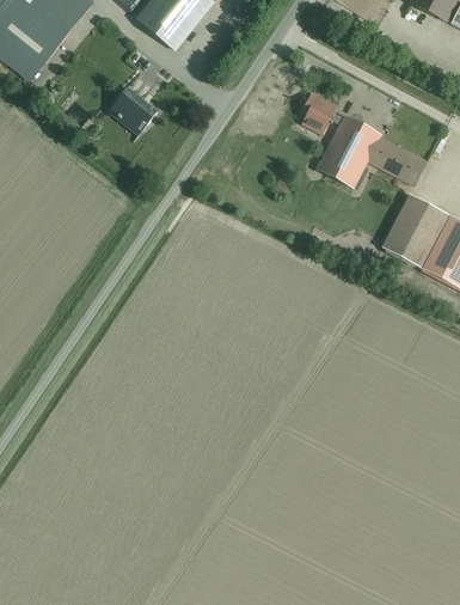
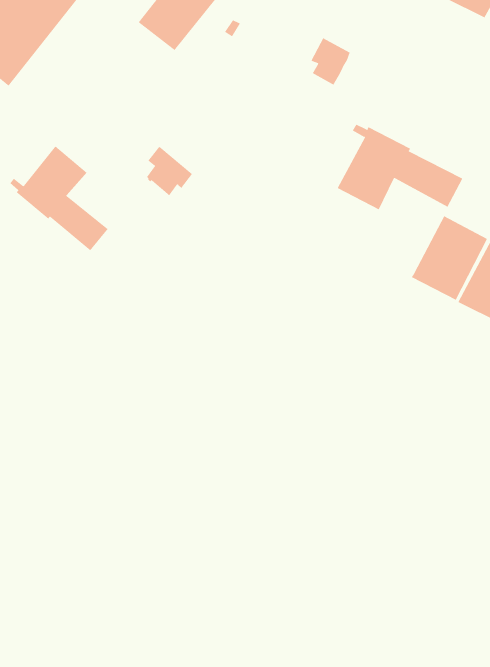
building: [115,87,155,141] -> [146,147,193,208]
building: [300,92,335,134] -> [311,37,350,85]
building: none -> [10,146,108,251]

